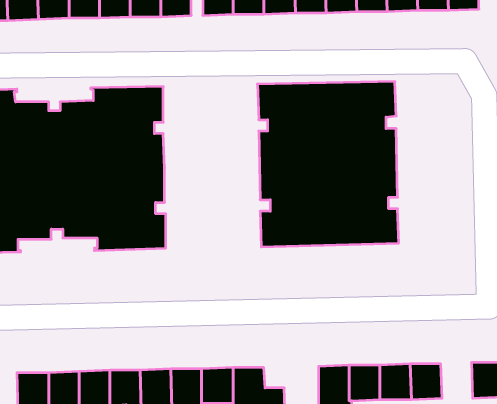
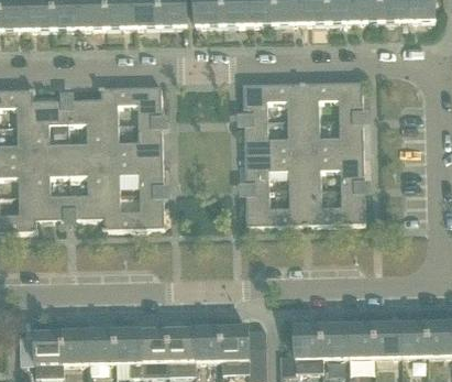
building: none -> [400,324,428,354]

